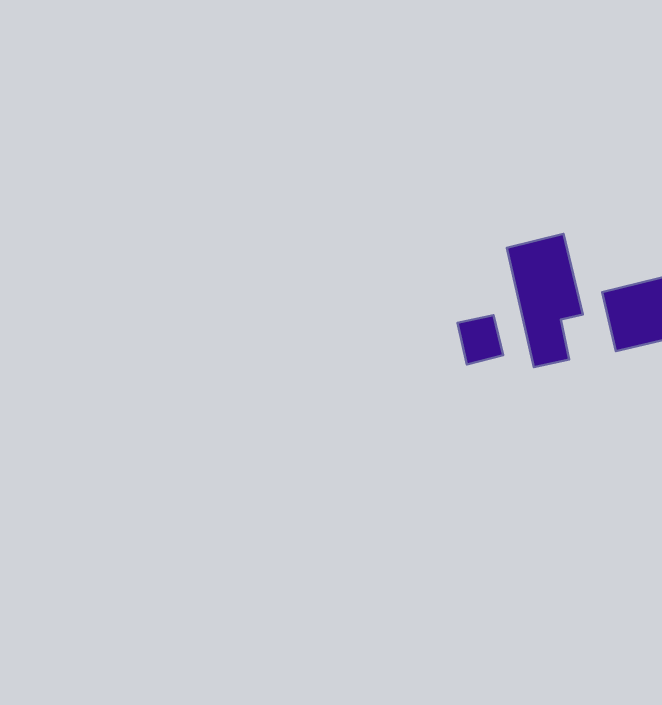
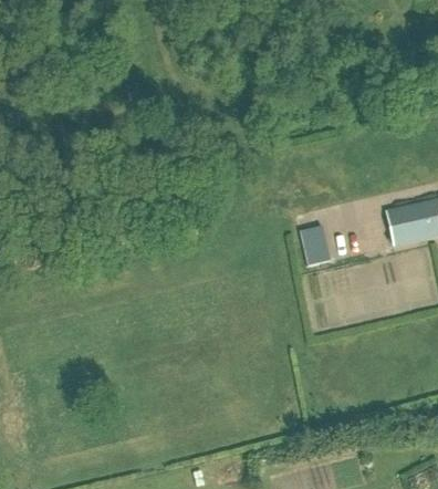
building: [507,234,583,367] -> none

